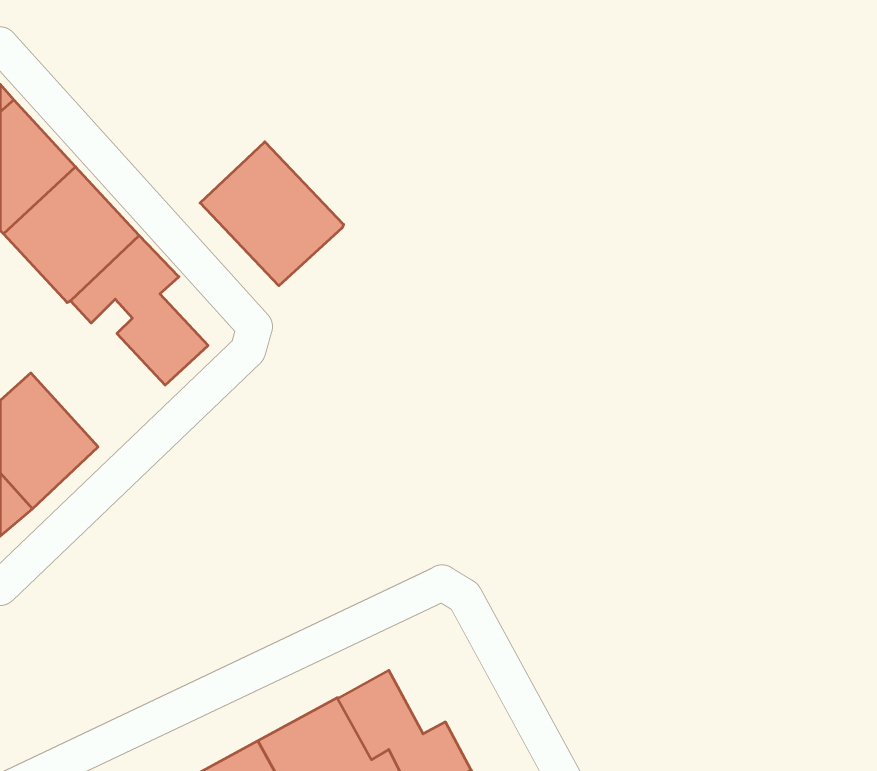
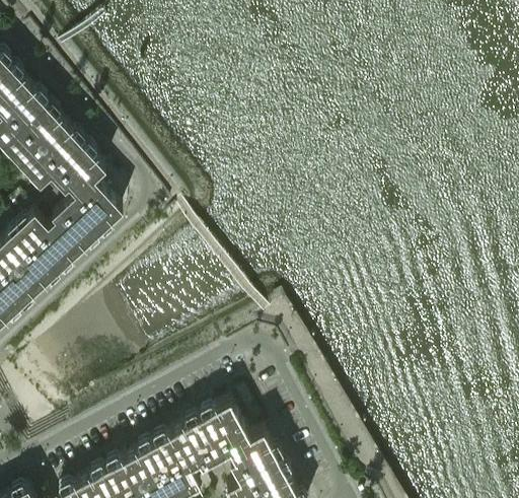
building: [200,142,344,286] -> none
building: none -> [18,183,97,270]

